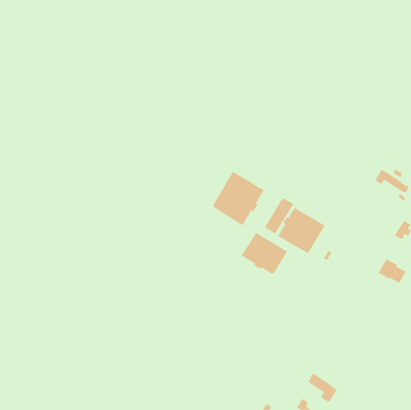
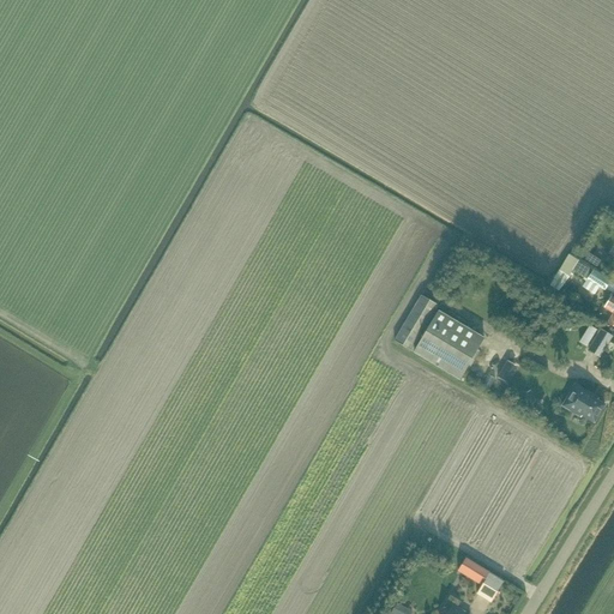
building: [212,171,264,226] -> none
building: [241,232,288,275] -> none

